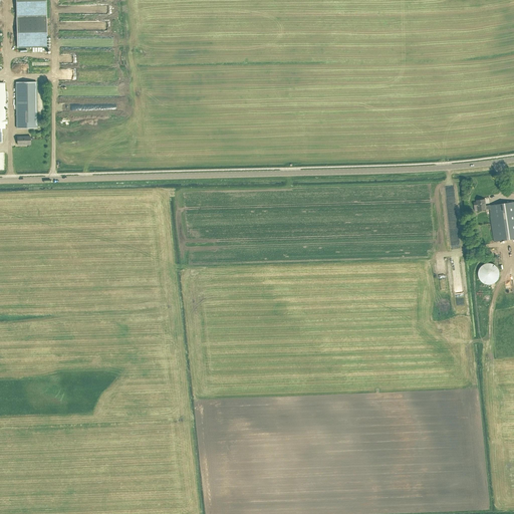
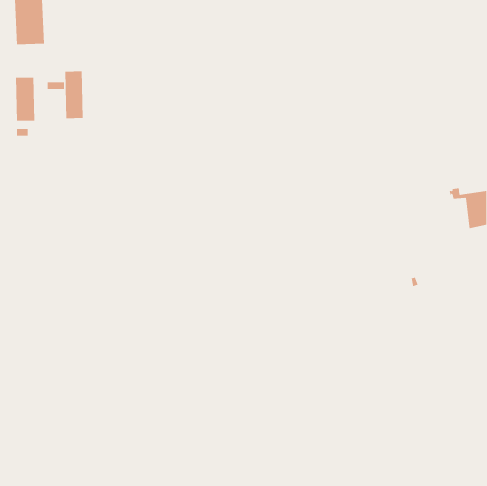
building: none -> [65,70,83,119]
building: [478,262,499,284] -> none

